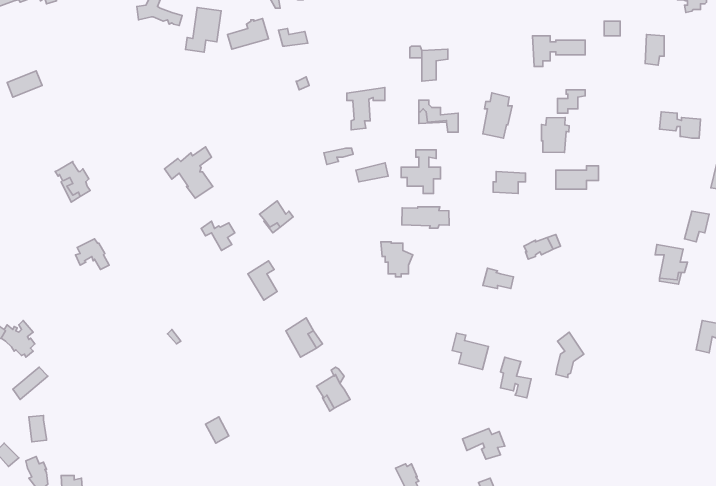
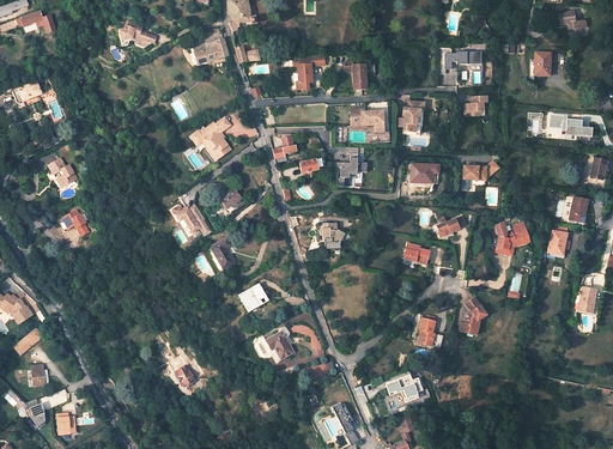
building: [185,7,221,52] -> none
building: [347,87,385,130] -> [292,55,323,90]
building: [541,117,569,152] -> none
building: [165,147,213,198] -> [192,117,231,159]
building: [402,207,449,228] -> none
building: none -> [493,224,528,254]
building: [452,333,488,369] -> none

